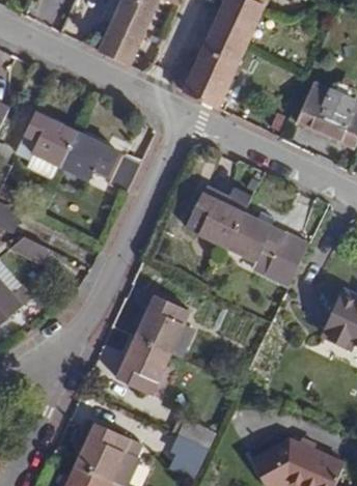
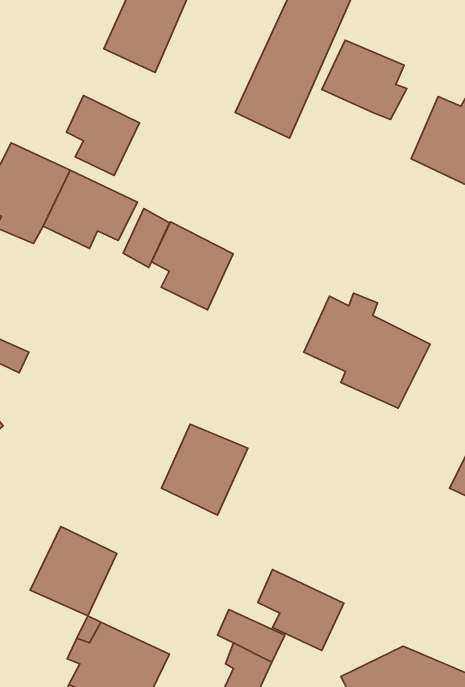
building: none -> [322,40,407,119]
building: none -> [66,96,139,176]
building: [191,191,244,248] -> [151,222,233,310]
building: [115,336,171,394] -> [30,526,117,616]
building: none -> [258,570,344,650]

